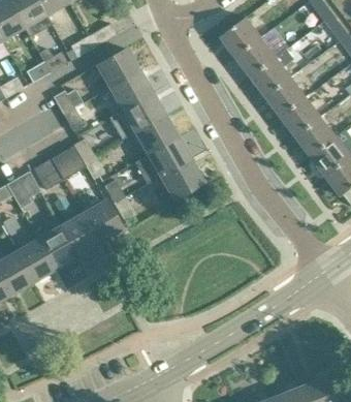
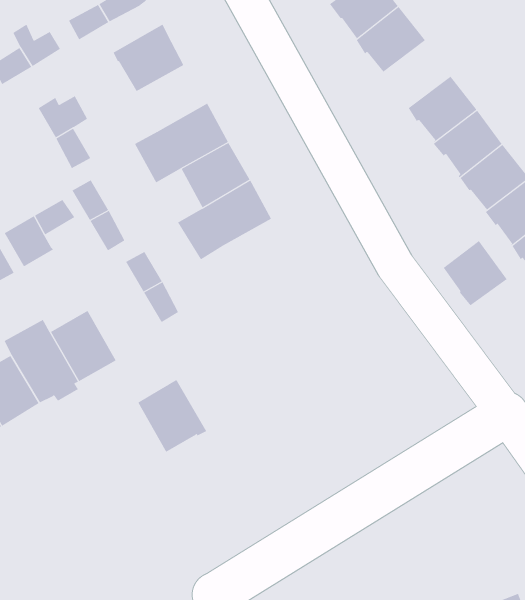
building: [251,49,294,96] -> none
building: [109,71,151,110] -> none
building: [160,160,201,199] -> none
building: none -> [441,240,508,306]
building: [82,199,122,242] -> [137,379,207,453]

